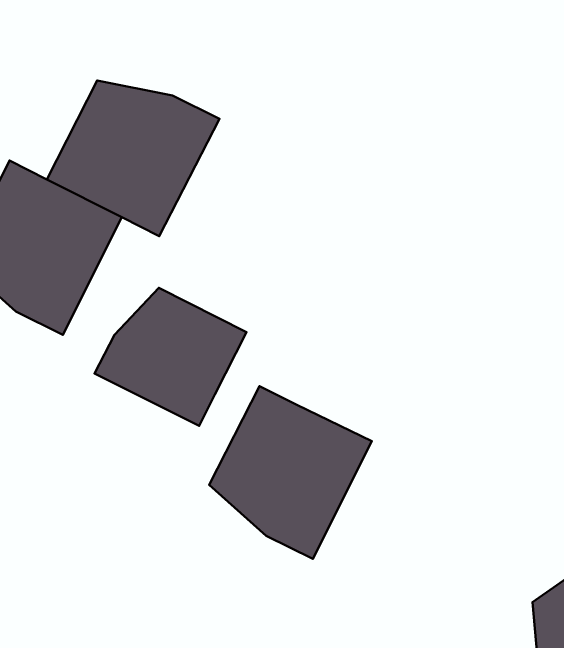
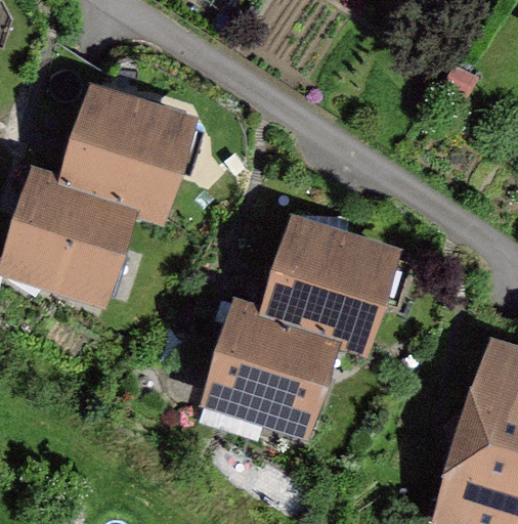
building: [94,288,247,426] -> none
building: none -> [268,241,384,344]

